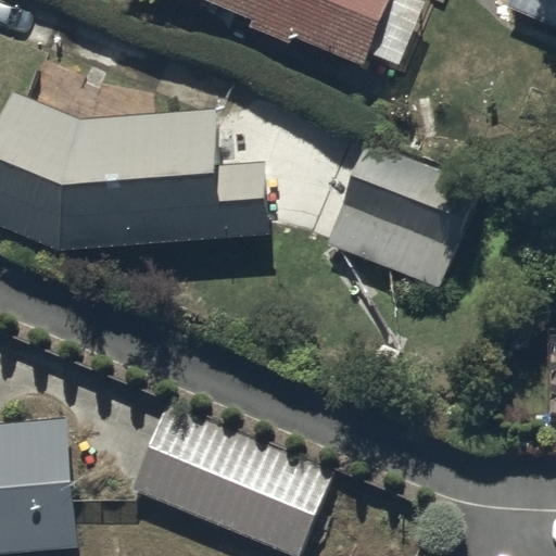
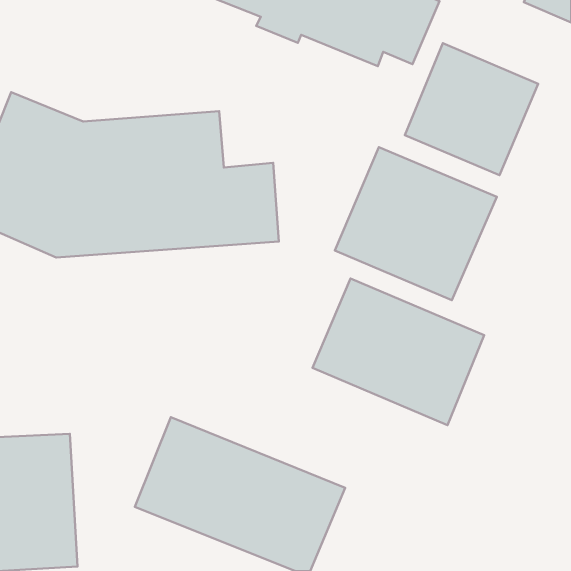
building: none -> [405,43,538,175]
building: none -> [313,278,484,425]

